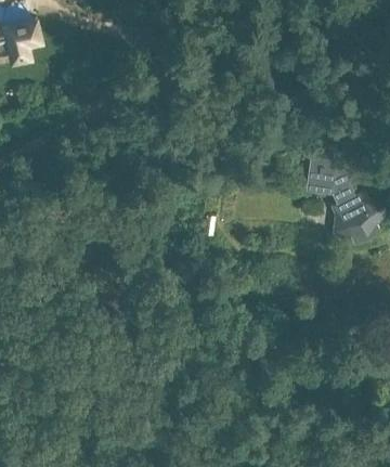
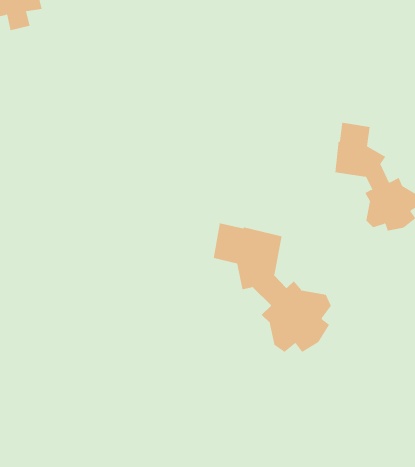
building: none -> [213,222,332,353]

